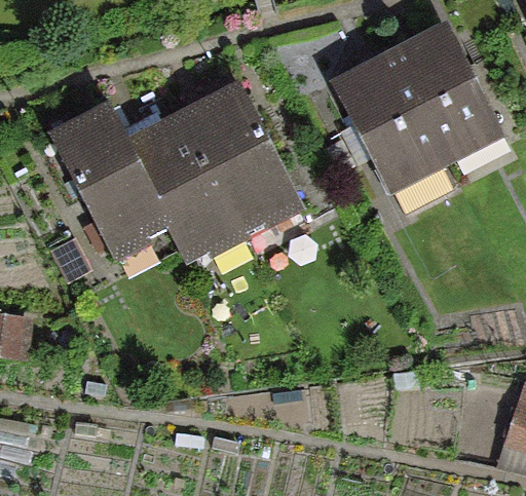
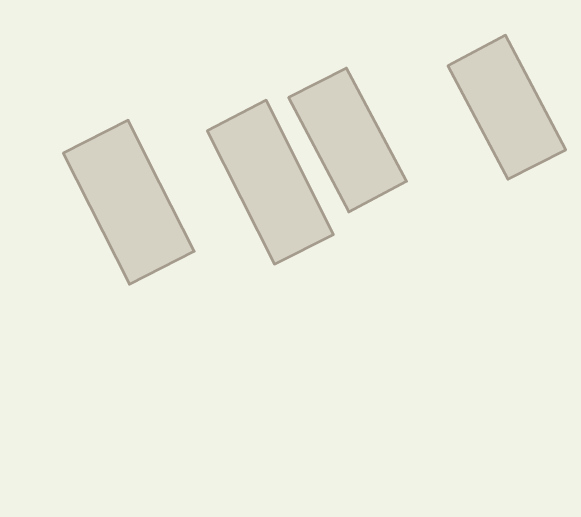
building: [341,60,444,185] -> [289,68,407,212]
building: [130,116,240,258] -> none

